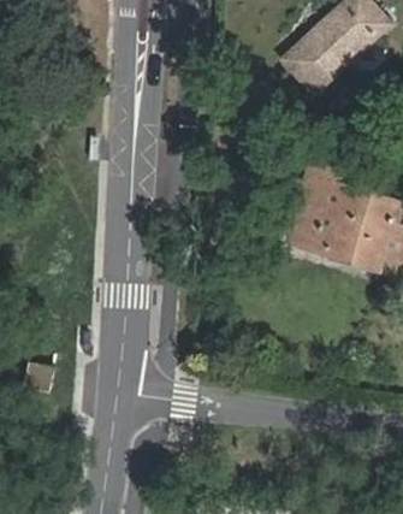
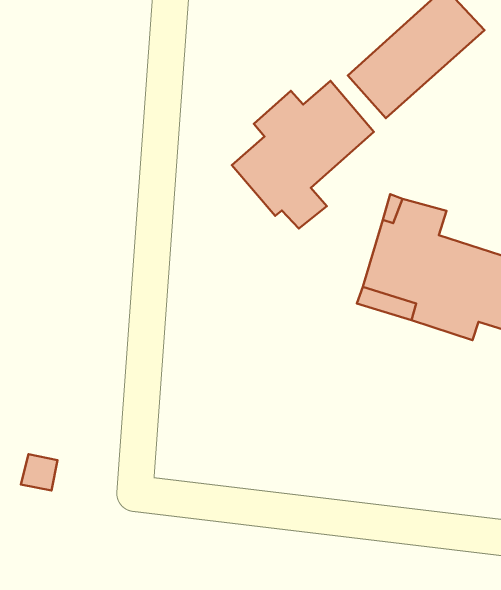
building: none -> [232,81,374,228]

